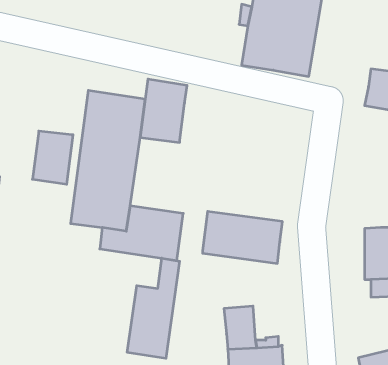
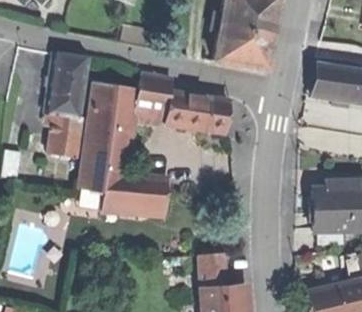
building: none -> [45,53,87,117]
building: [203,211,282,263] -> [165,92,228,133]
building: [127,258,180,358] -> none

